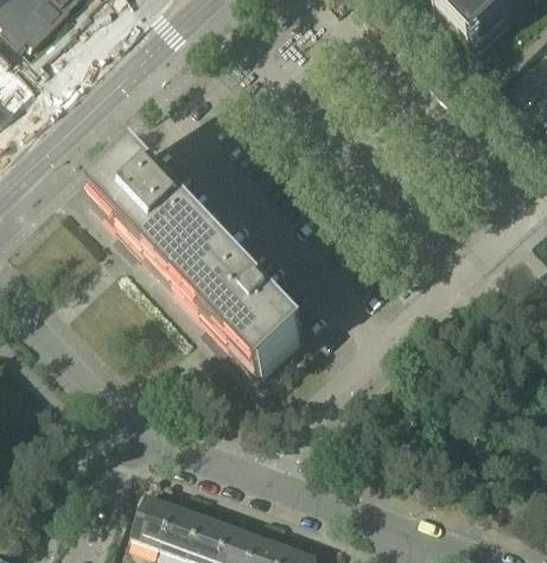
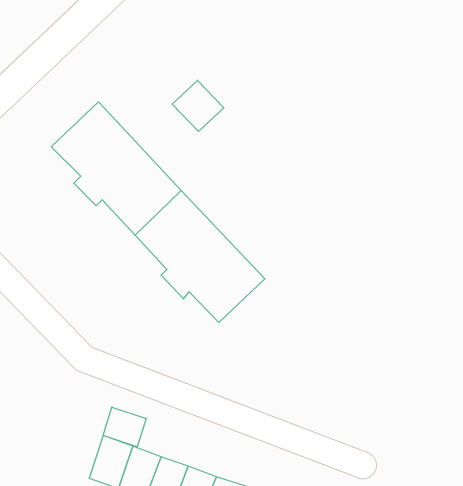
building: none -> [172,80,224,131]
building: none -> [103,407,146,447]

